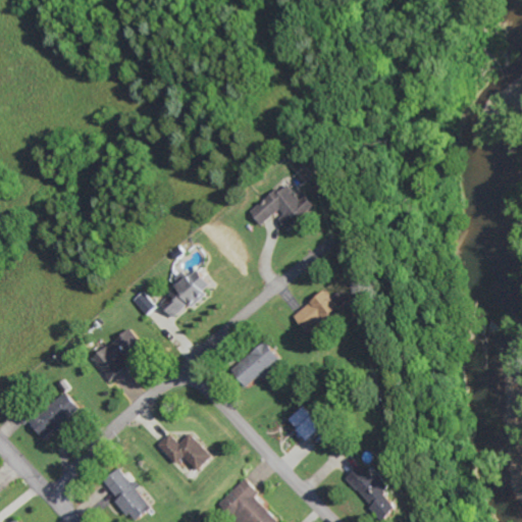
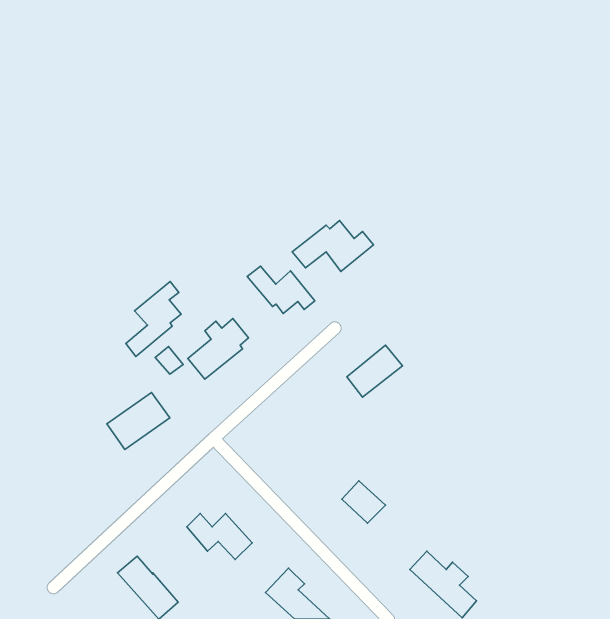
building: none -> [247,266,315,314]
building: none -> [126,282,181,356]
building: [232,340,280,385] -> none
building: [13,390,77,438] -> none

